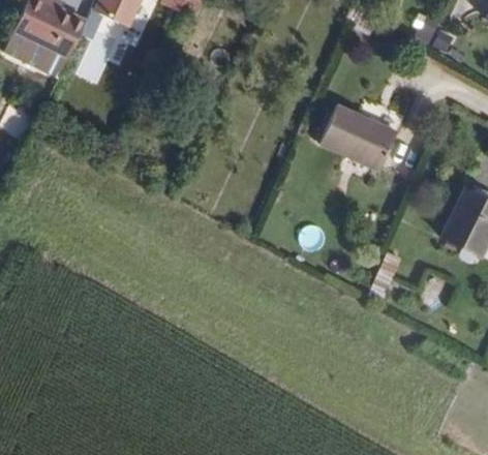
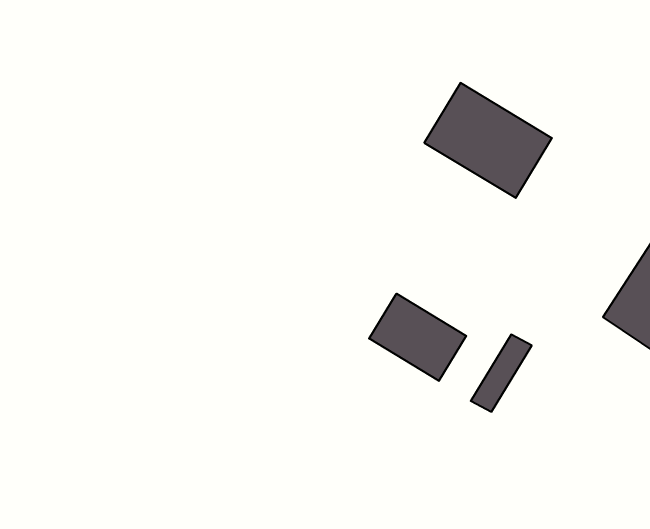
building: none -> [369,294,466,381]

